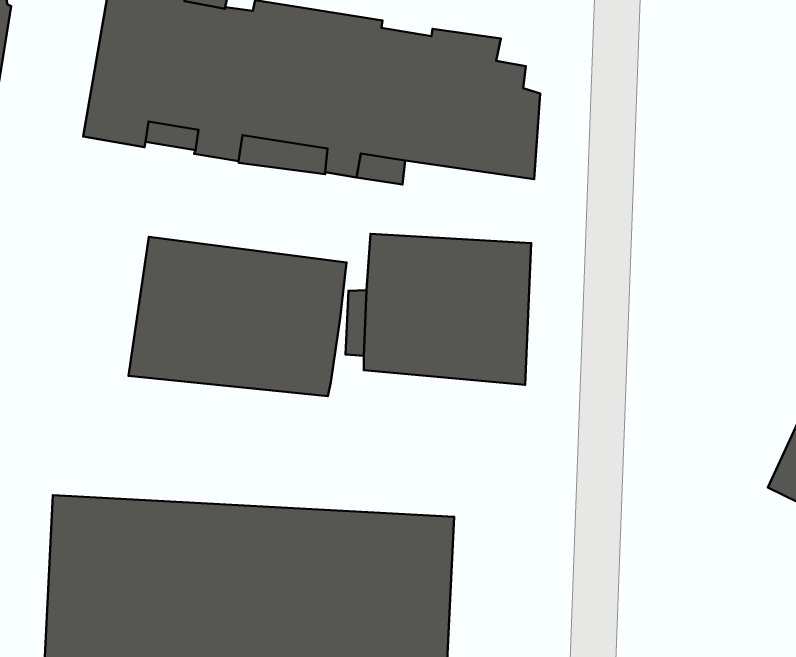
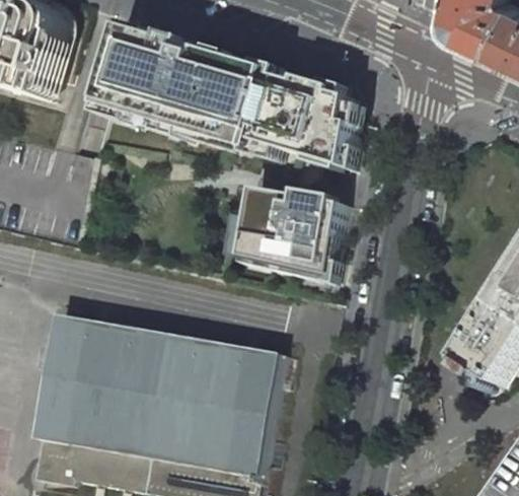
building: [128,237,347,396] -> none

